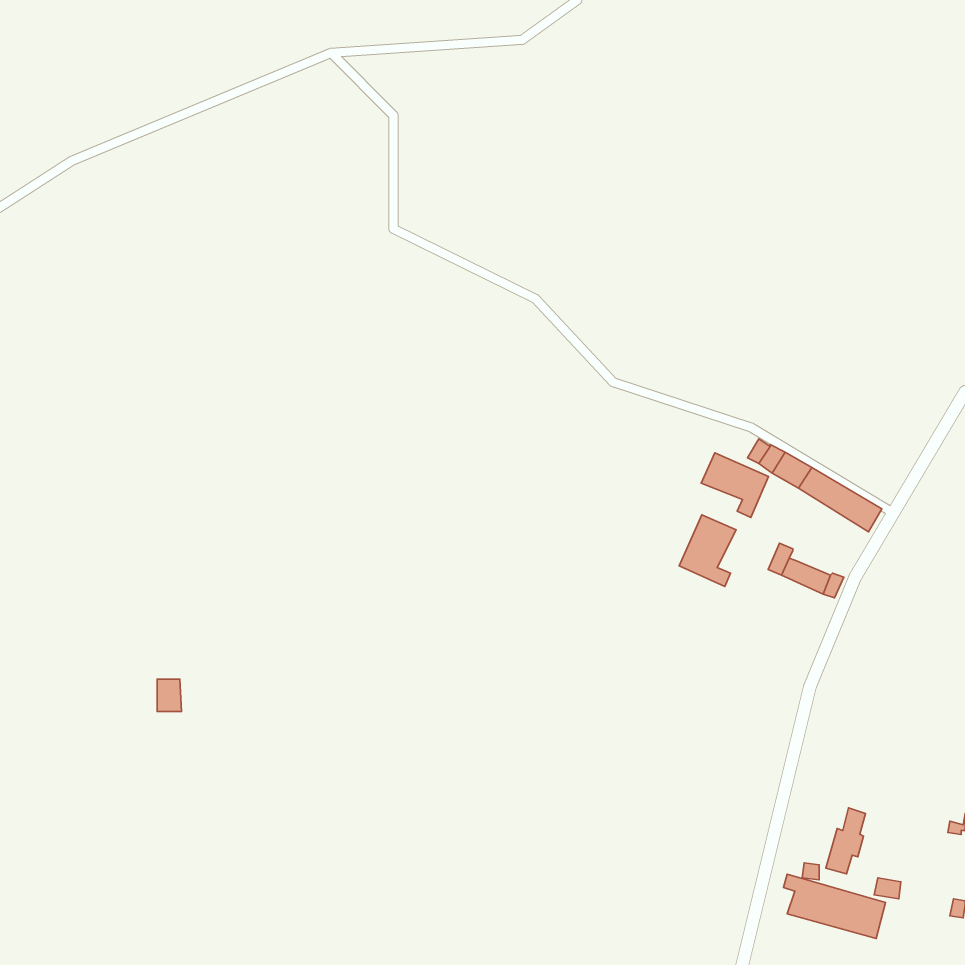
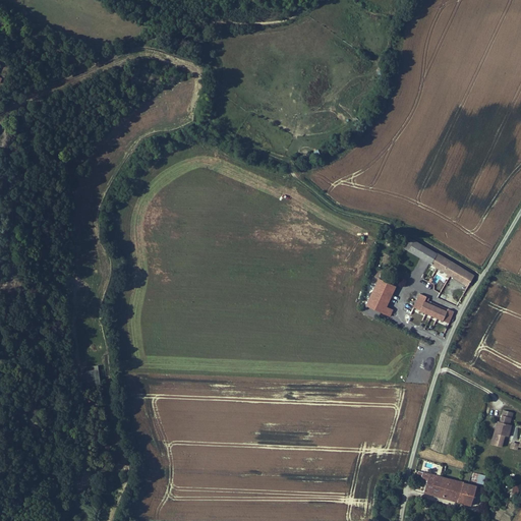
building: [701,453,769,518] -> none
building: [826,808,866,874] -> [490,410,512,446]

